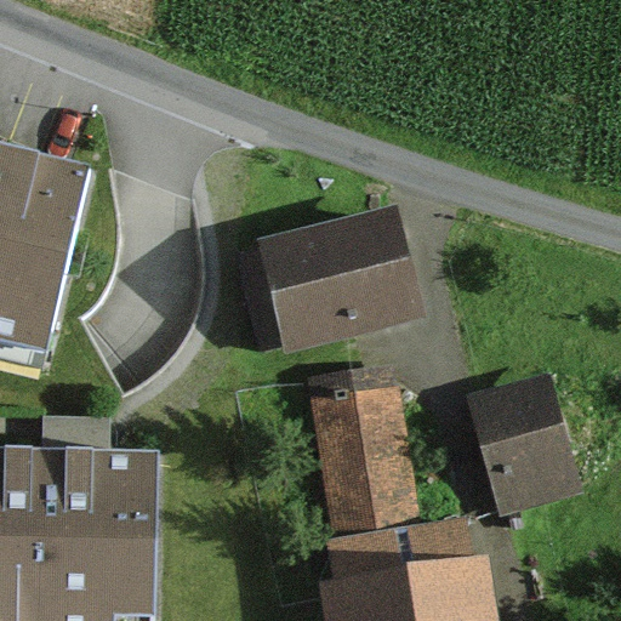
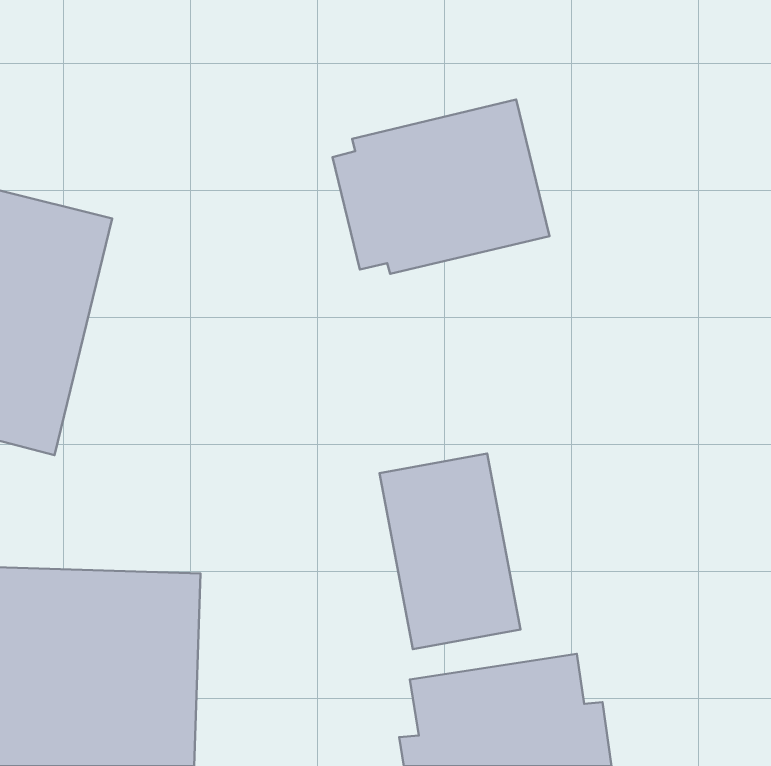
building: [240,211,414,351] -> [332,99,549,274]
building: [468,372,577,508] -> none

